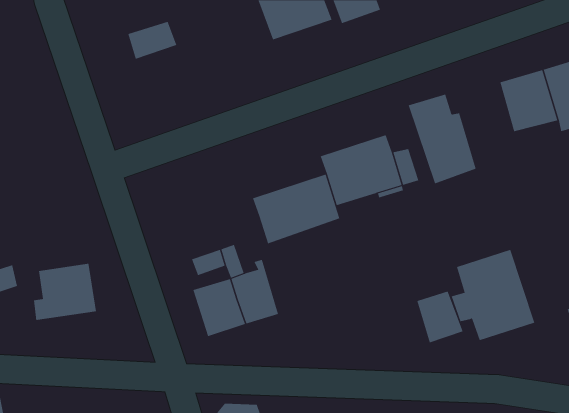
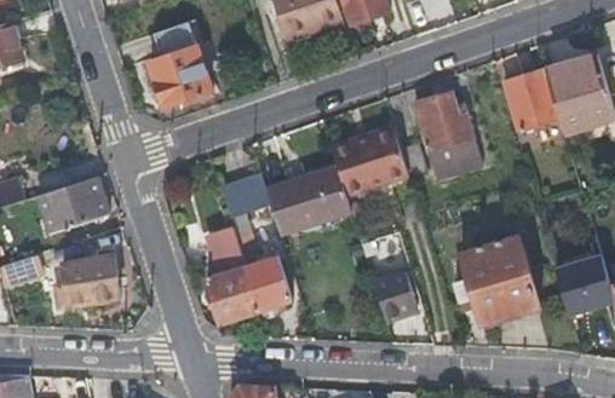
building: none -> [149,45,213,105]
building: none -> [219,175,272,220]
building: none -> [34,177,105,232]
building: [416,291,464,343] -> [373,270,418,319]

